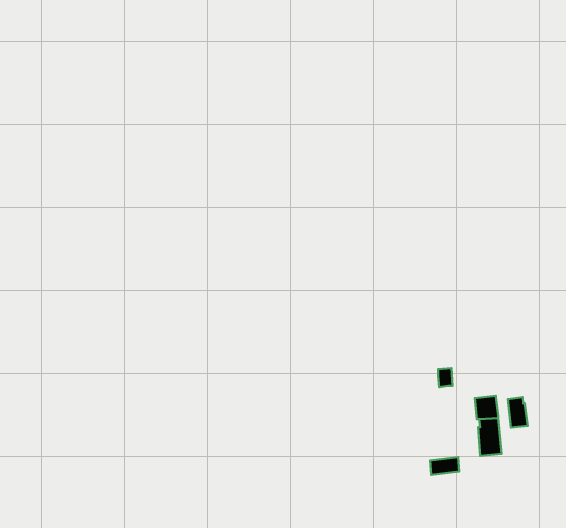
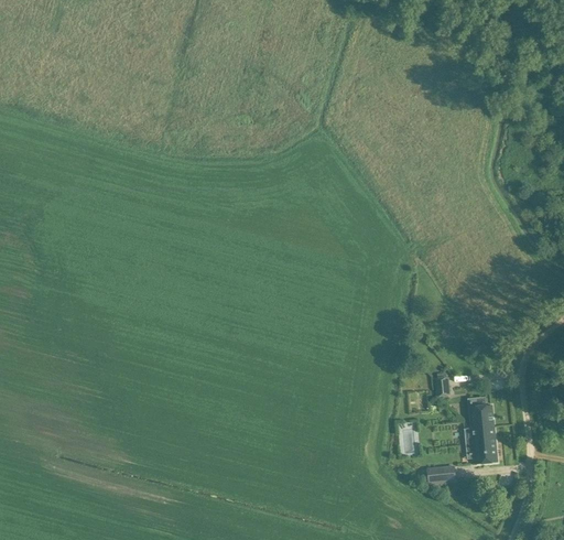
building: [508,397,528,428] -> none
building: none -> [398,421,416,451]

